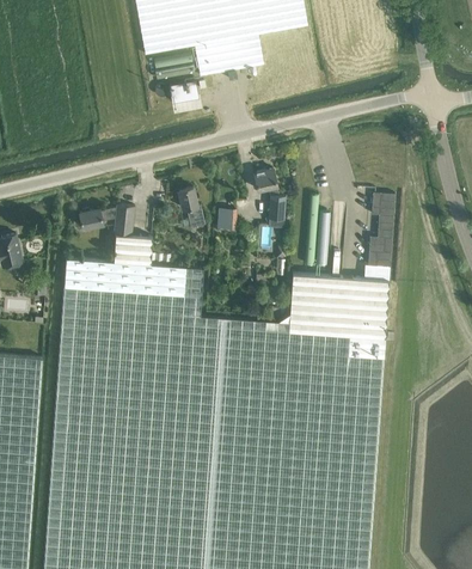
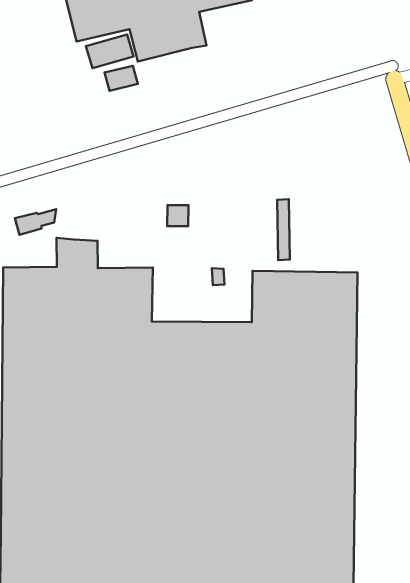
building: [255,167,286,219] -> none
building: [178,186,204,226] -> none
building: [367,194,394,268] -> none
building: [114,203,135,234] -> none

